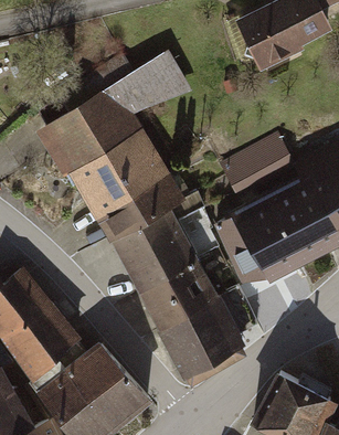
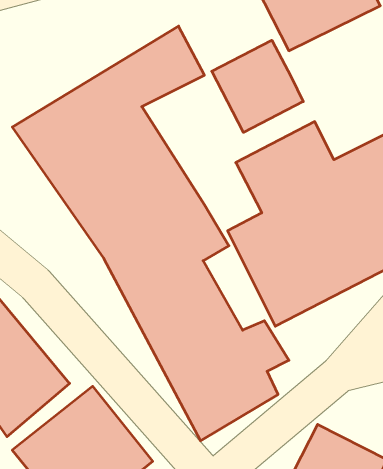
building: none -> [212,40,303,132]

